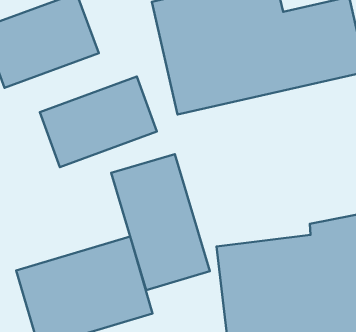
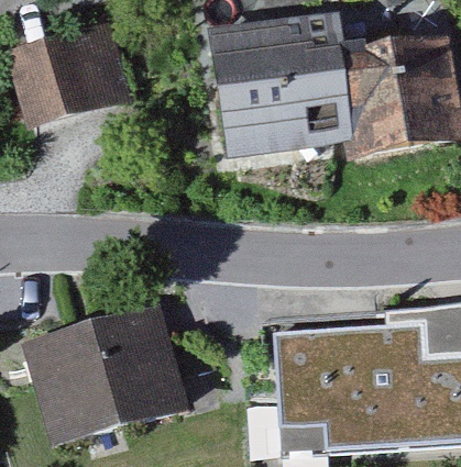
building: [40,76,157,167] -> none
building: [111,154,210,290] -> none

